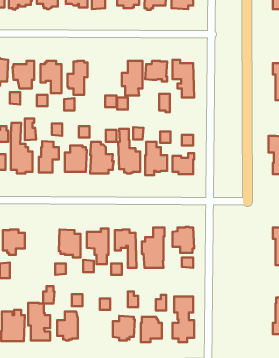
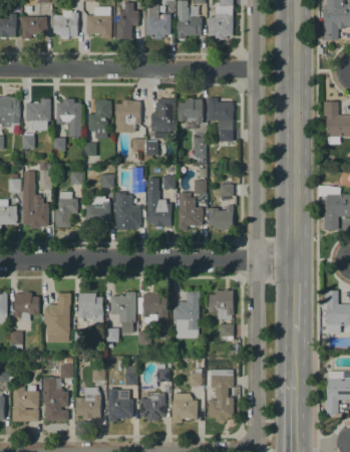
building: none -> [116,99,140,133]
building: none -> [44,293,70,342]
building: none -> [107,388,132,421]

